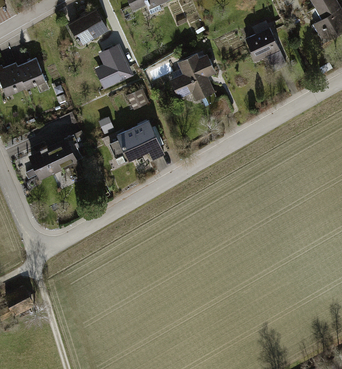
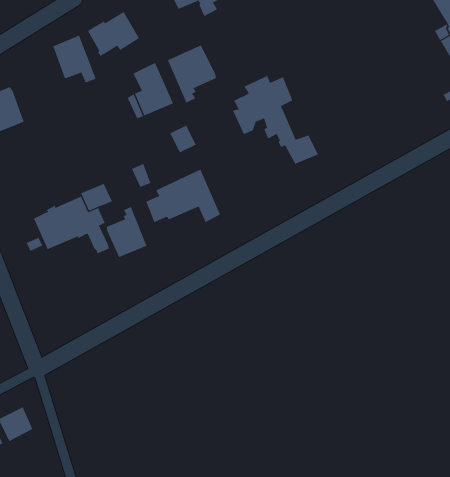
building: [244,27,285,67] -> none
building: none -> [167,45,216,103]
building: [16,57,47,91] -> [52,35,96,83]
building: none -> [106,206,147,258]

